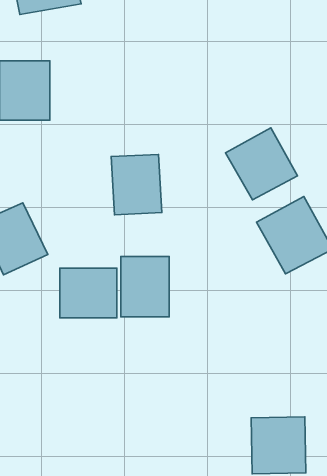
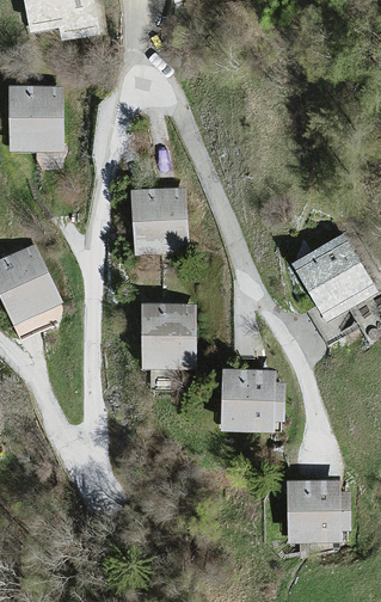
building: [226,128,297,200] -> none
building: [60,268,117,318] -> none
building: none -> [217,368,276,435]

